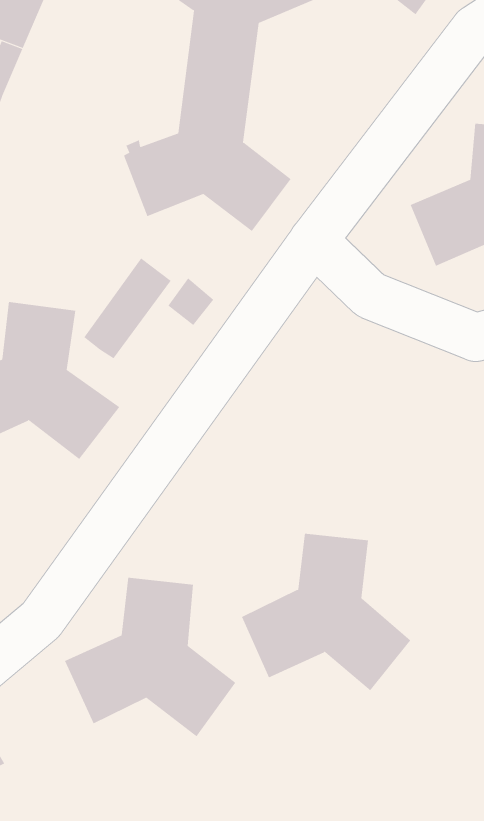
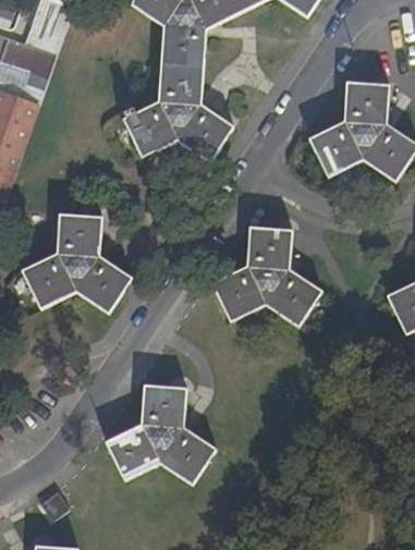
building: [84,257,172,359] -> none
building: [241,533,411,691] -> [212,229,321,327]

